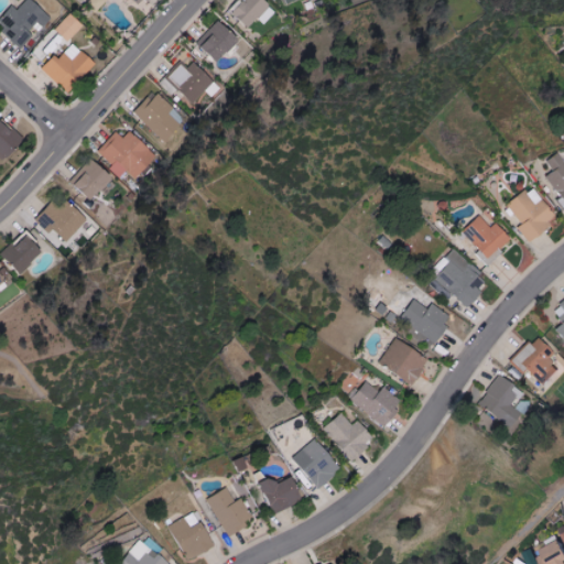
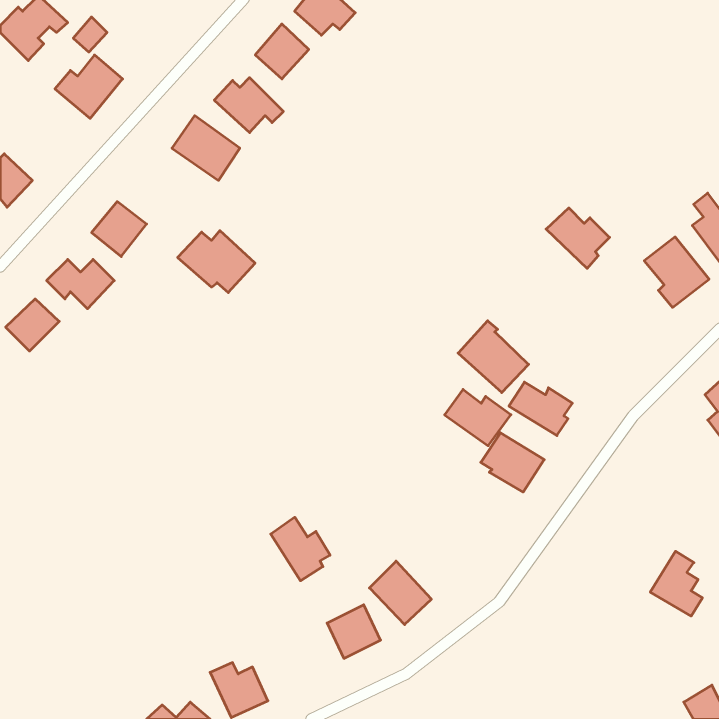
building: [98,130,159,178] -> [178,231,255,293]
building: [458,215,508,262] -> [546,208,610,268]
building: [431,250,486,306] -> [458,321,529,393]
building: [512,336,558,386] -> none
building: [476,375,517,425] -> [650,551,702,616]
building: [348,380,400,424] -> [445,389,511,446]
building: [323,411,373,458] -> none
building: [204,486,250,535] -> [271,517,330,581]

